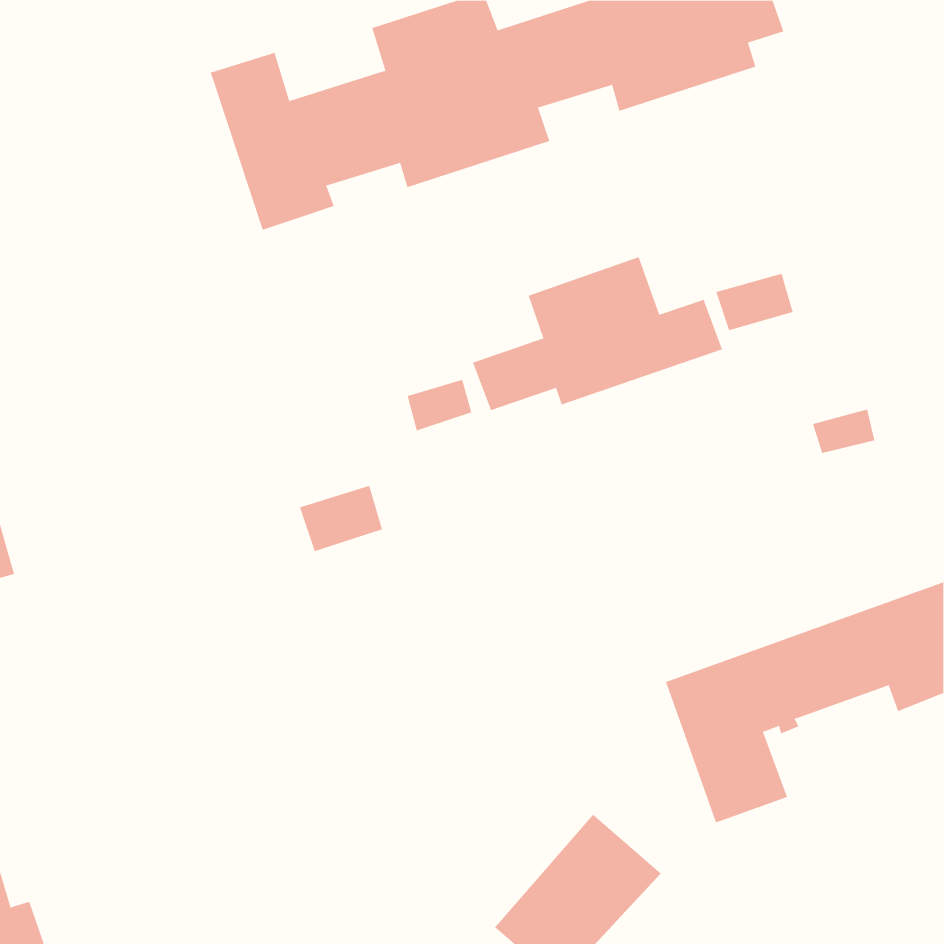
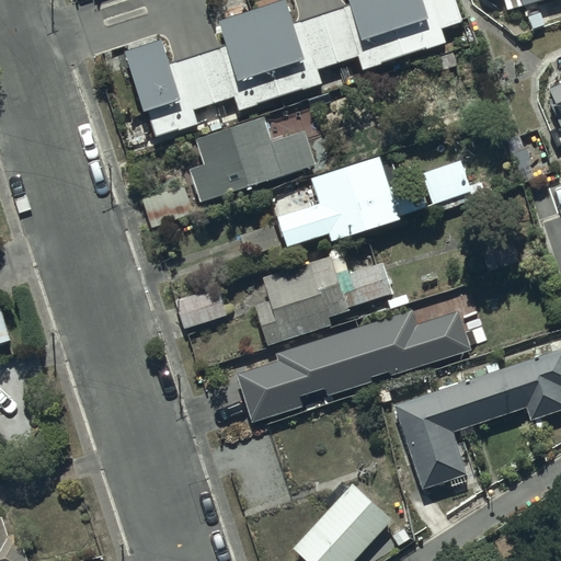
building: none -> [188,114,318,204]
building: none -> [253,249,392,346]
building: none -> [237,305,470,423]

